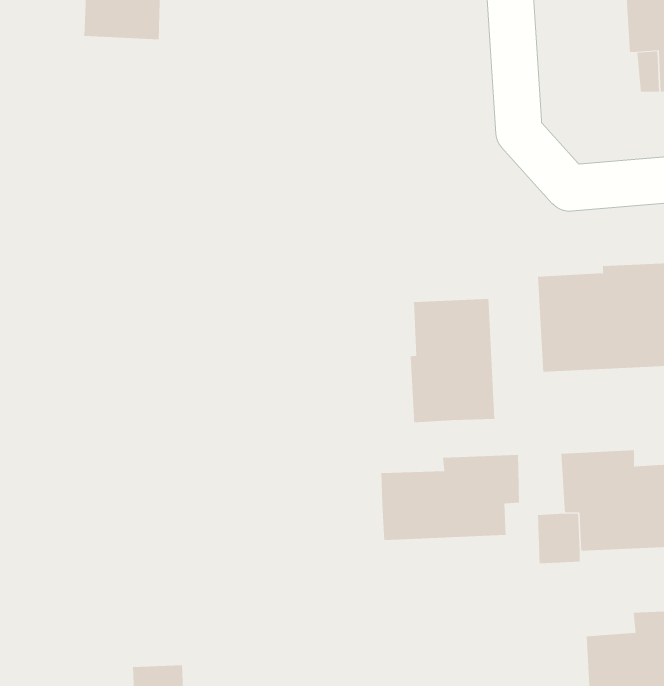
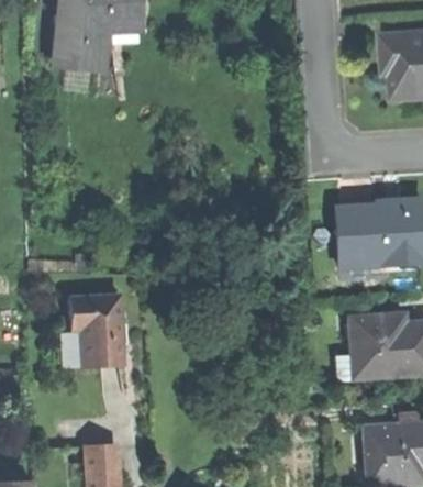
building: [410,298,495,423] -> none
building: none -> [69,295,120,369]
building: [381,454,520,541] -> none

